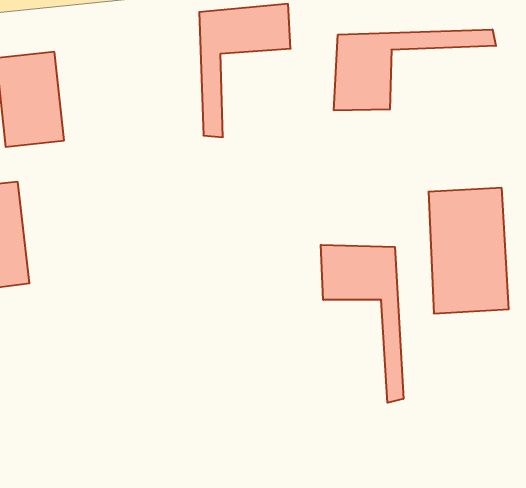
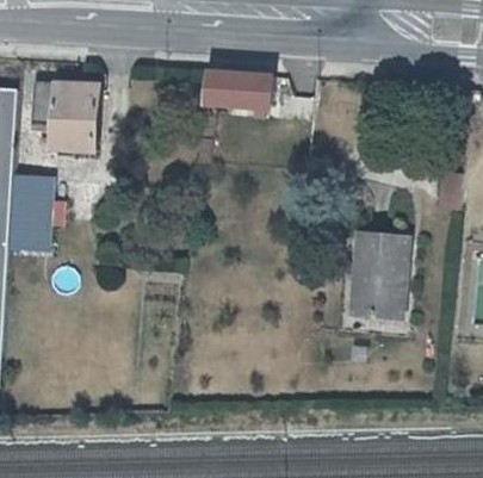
building: [334,29,496,110] -> none
building: [321,245,403,403] -> none

